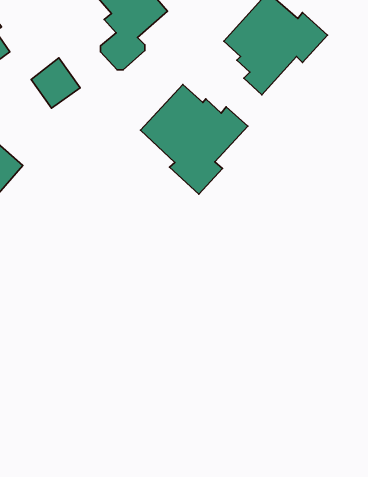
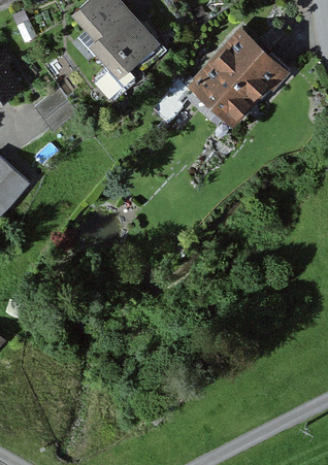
building: [141,85,248,194] -> none

